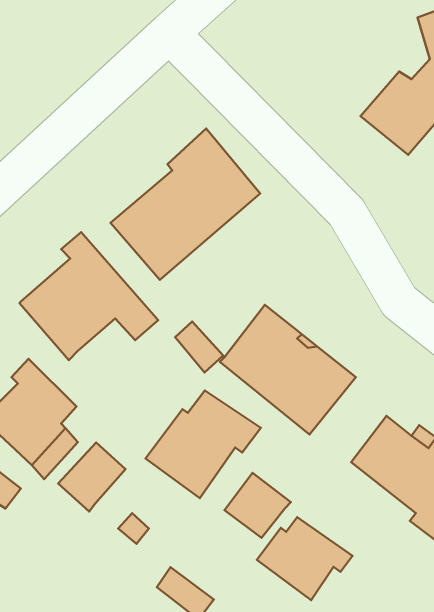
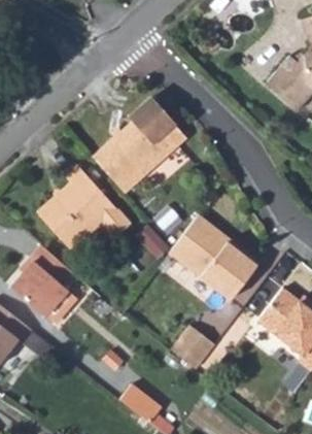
building: [146,390,261,498] -> none
building: [58,442,125,511] -> none
building: [257,517,352,600] -> none

